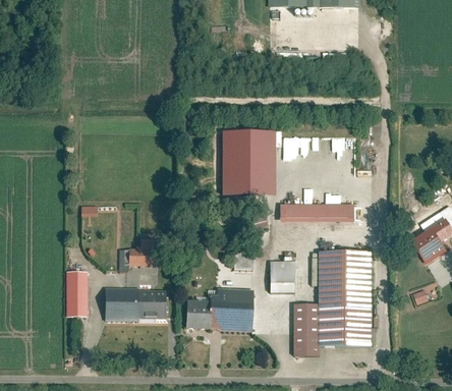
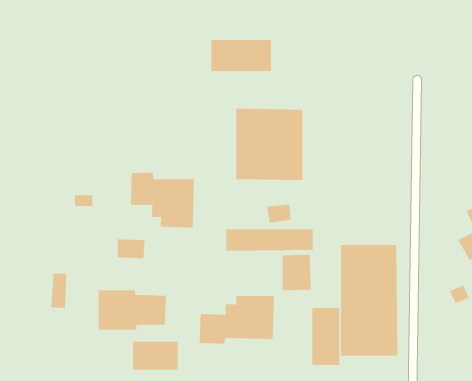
building: none -> [211,39,272,72]
building: none -> [131,172,194,229]
building: [284,204,359,223] -> [225,229,313,251]
building: none -> [132,341,178,371]

